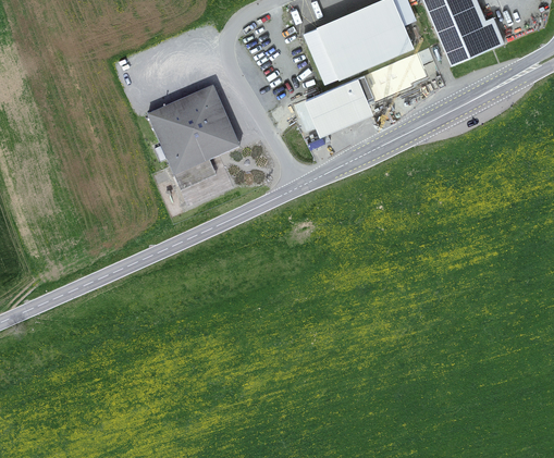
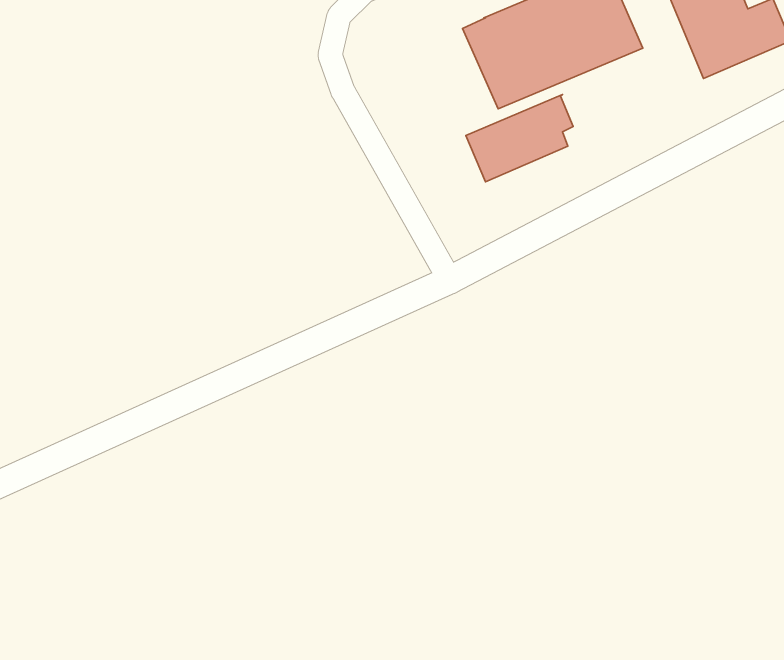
building: [147,78,239,186] -> none

